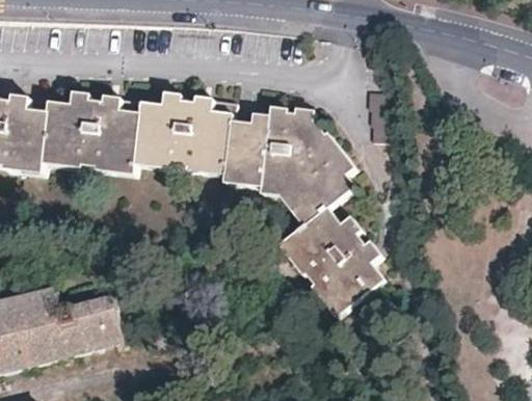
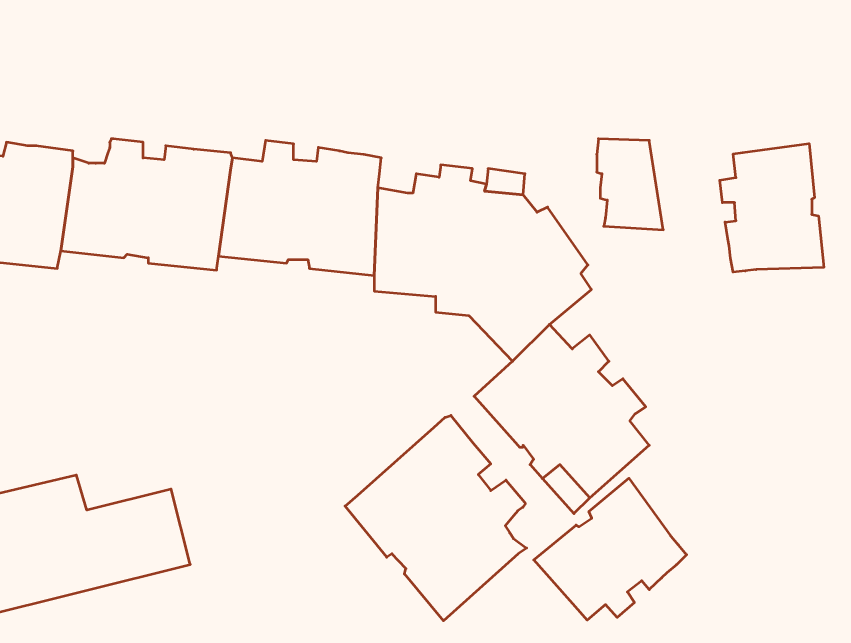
building: none -> [720,144,824,272]
building: none -> [345,415,527,621]
building: none -> [534,478,687,620]

